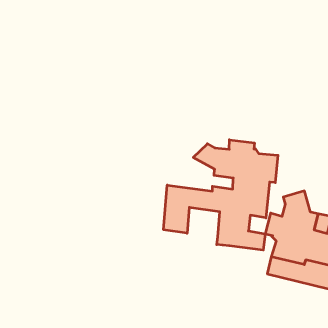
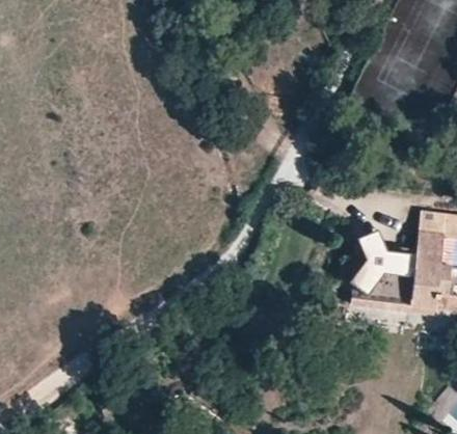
building: [164,140,278,250] -> none

